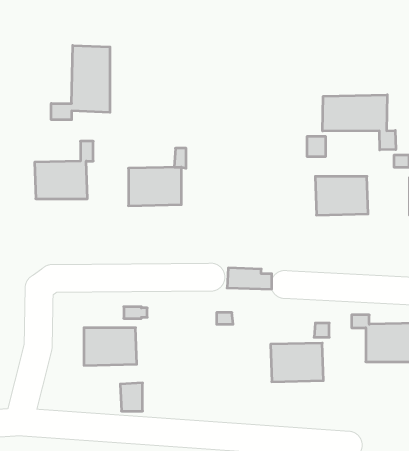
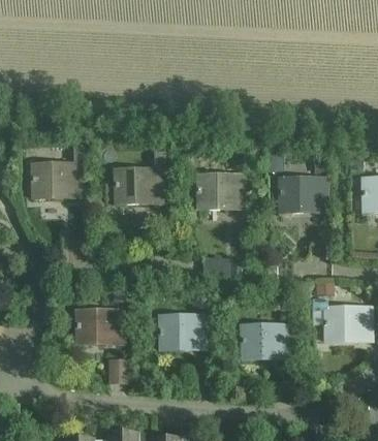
building: [51,45,110,120] -> none
building: [323,95,396,150] -> none
building: none -> [198,175,245,208]
building: none -> [159,315,206,349]

